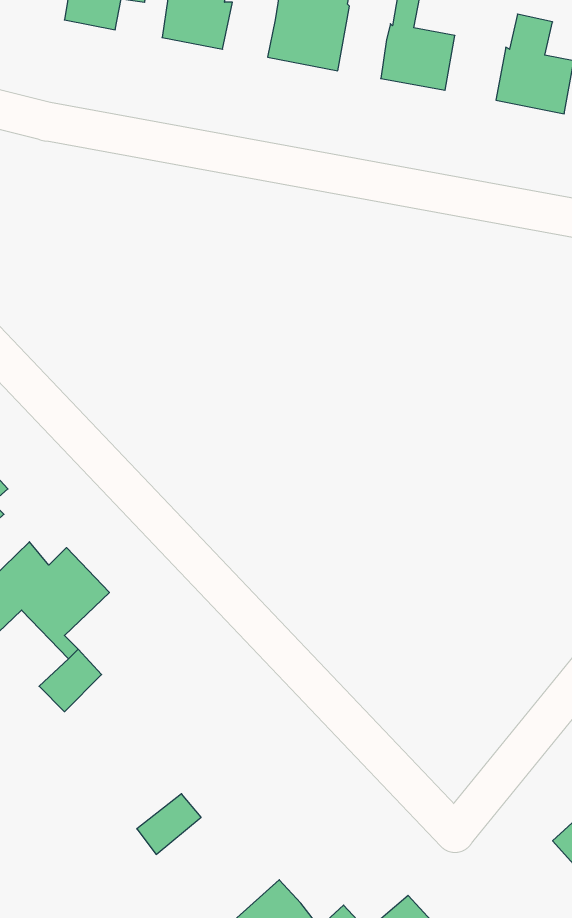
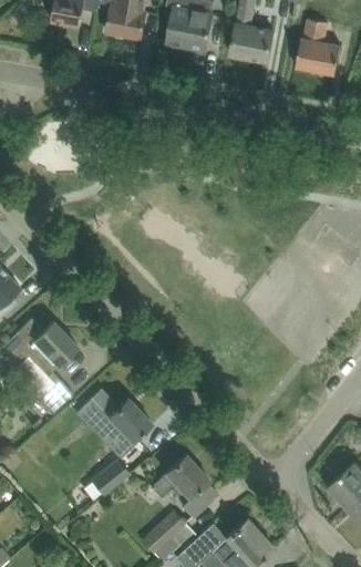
building: none -> [76,388,152,453]
building: none -> [152,455,218,517]

